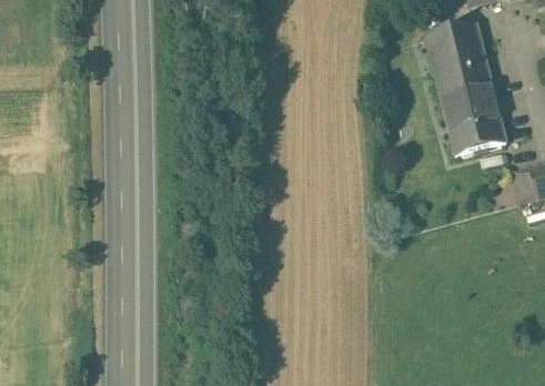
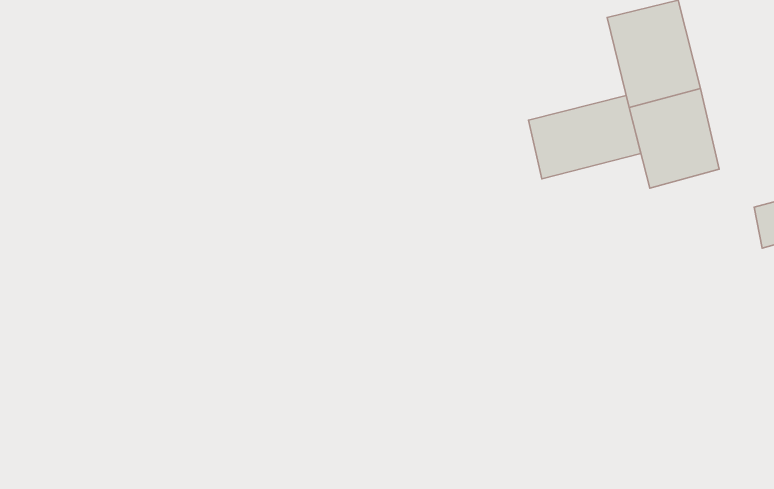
building: none -> [528,96,641,179]

